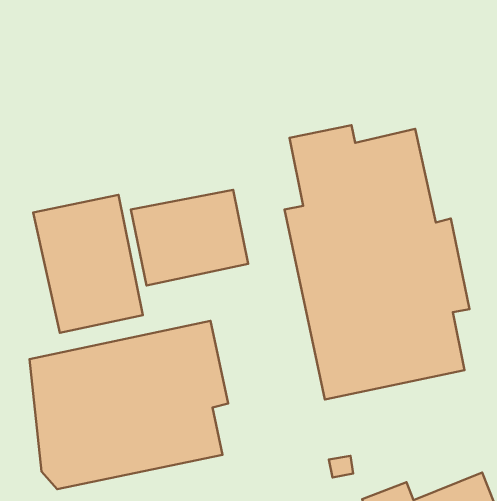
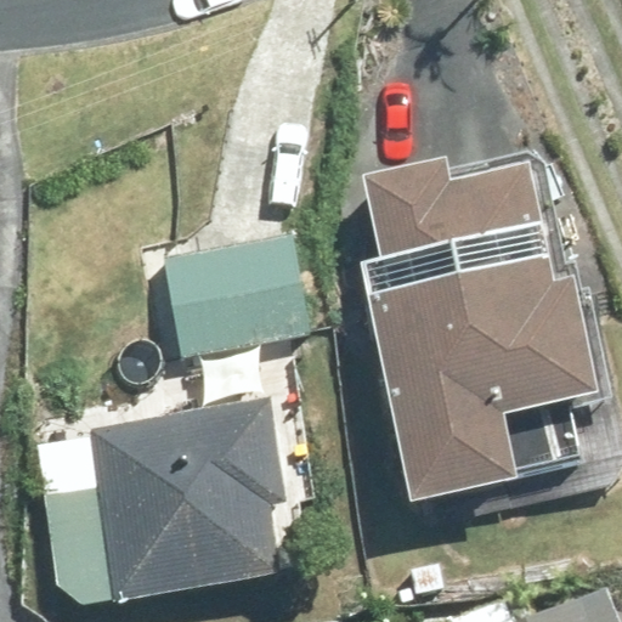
building: [33,195,143,333] -> none

